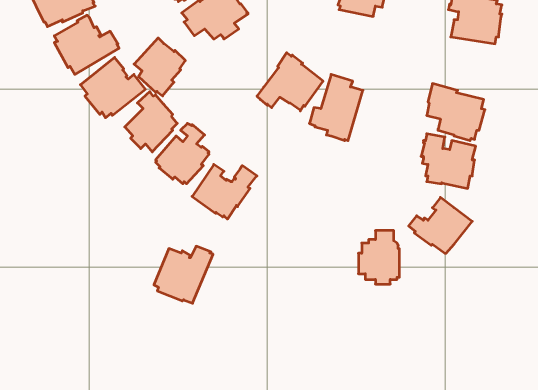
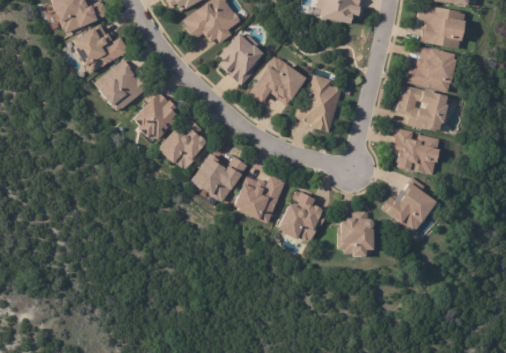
building: [134,38,185,96] -> [218,34,263,85]
building: none -> [401,44,454,91]
building: none -> [278,187,328,239]
building: [154,246,213,303] -> [234,175,286,225]

